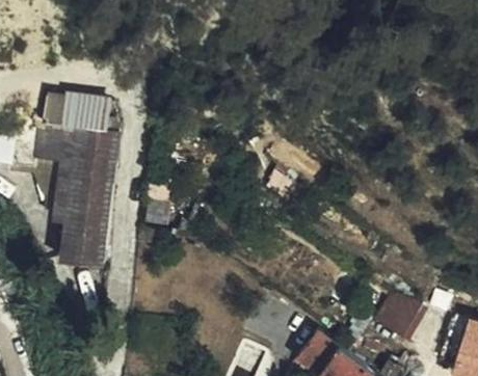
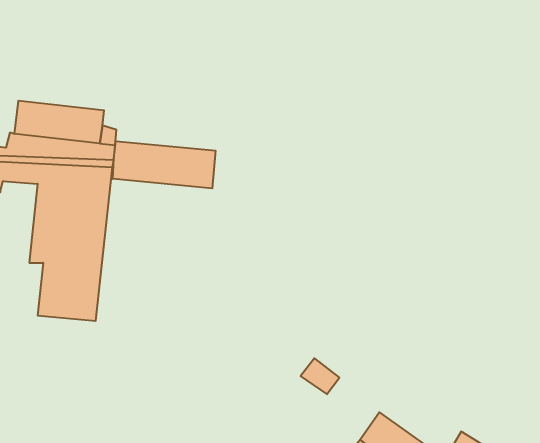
building: none -> [113,141,215,188]
building: [373,291,420,337] -> none

